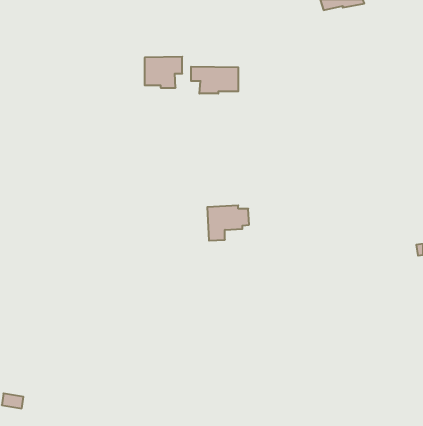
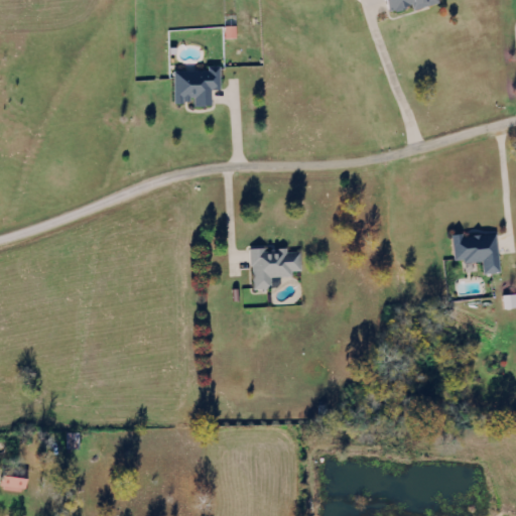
building: [191,67,238,94] -> none
building: none -> [453,232,499,274]

